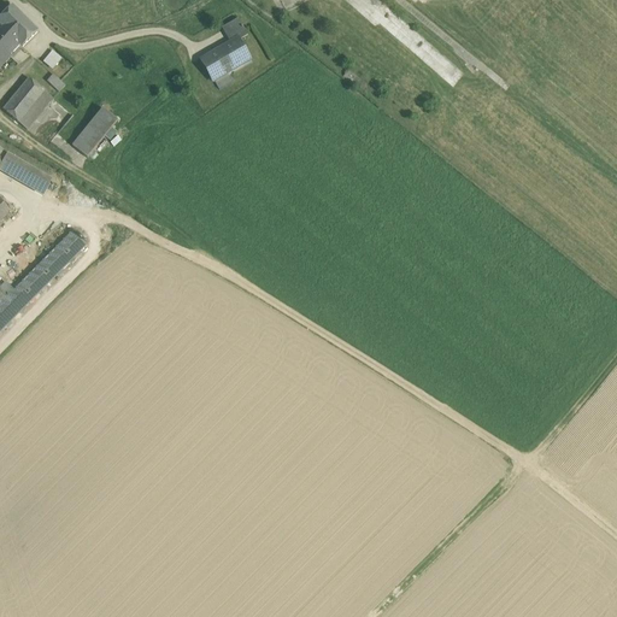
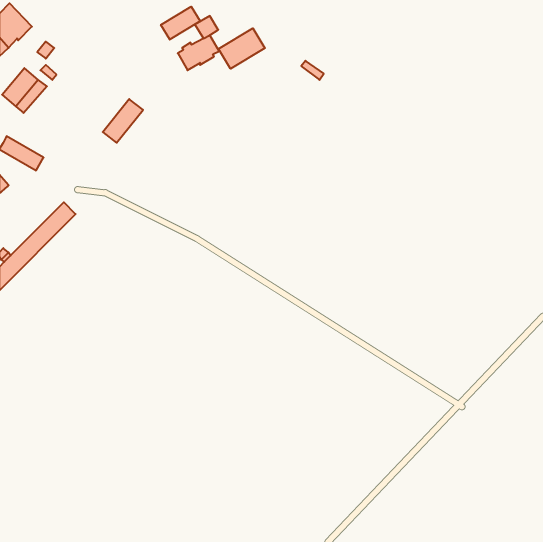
building: none -> [161,7,200,40]
building: none -> [219,28,265,69]
building: [71,107,117,157] -> [103,99,143,143]

